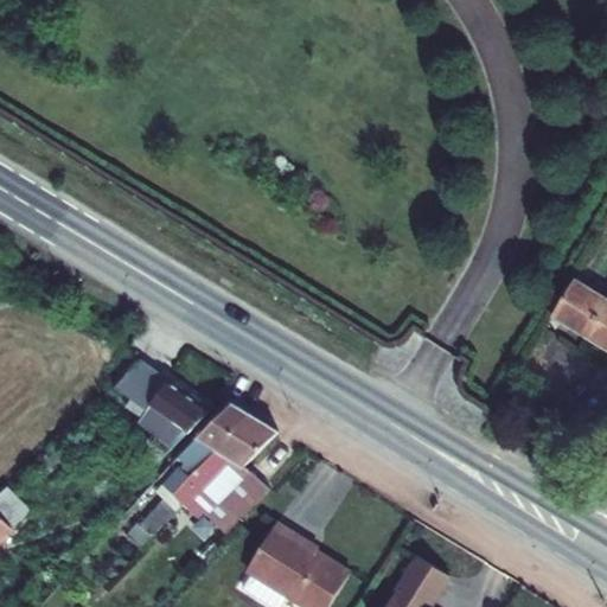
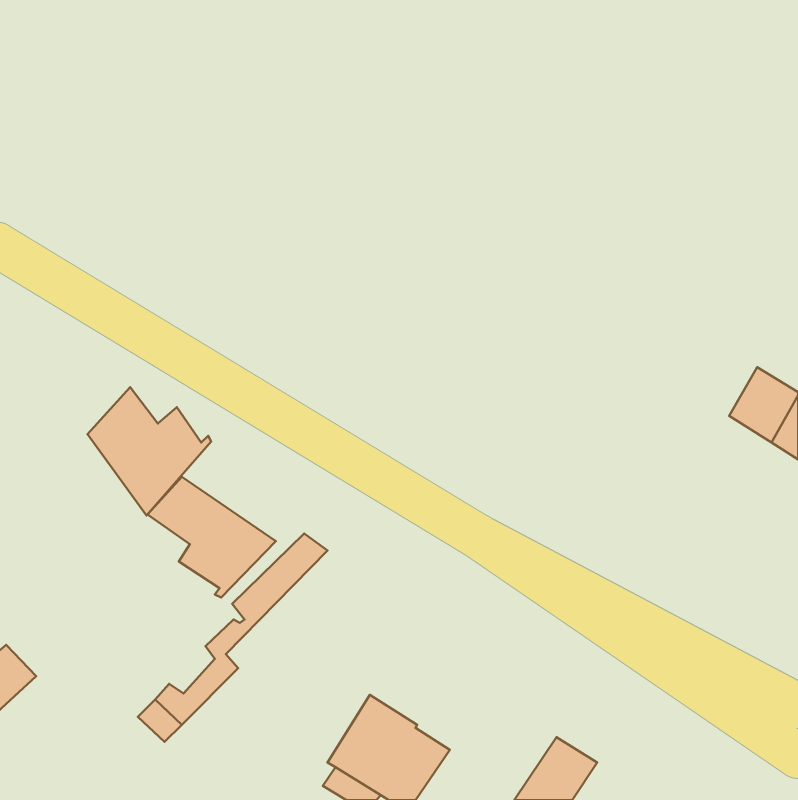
building: none -> [87,387,211,515]
building: [171,414,277,538] -> none

